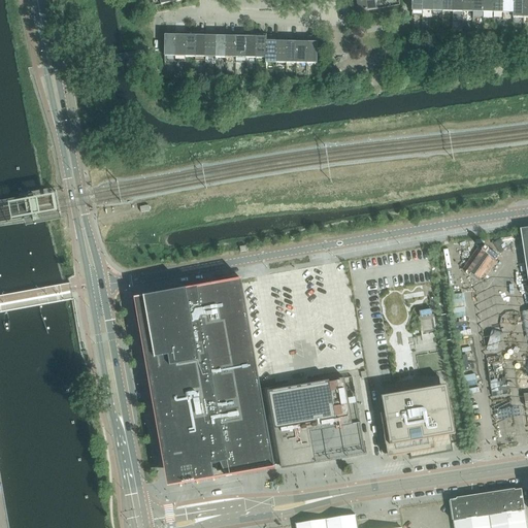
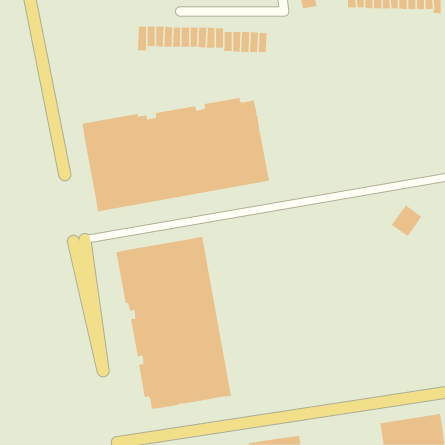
building: none -> [82,97,270,212]
building: [266,376,364,467] -> none
building: [378,385,454,457] -> none

